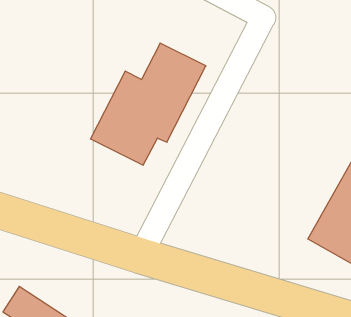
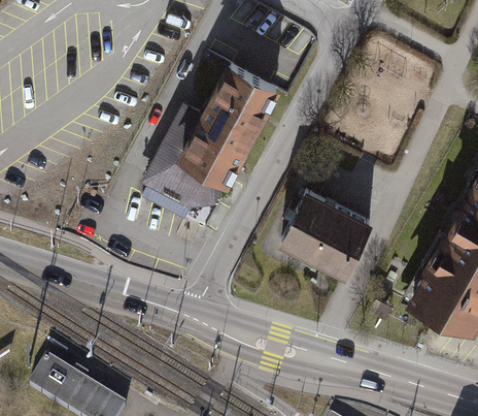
building: none -> [285,190,374,271]

